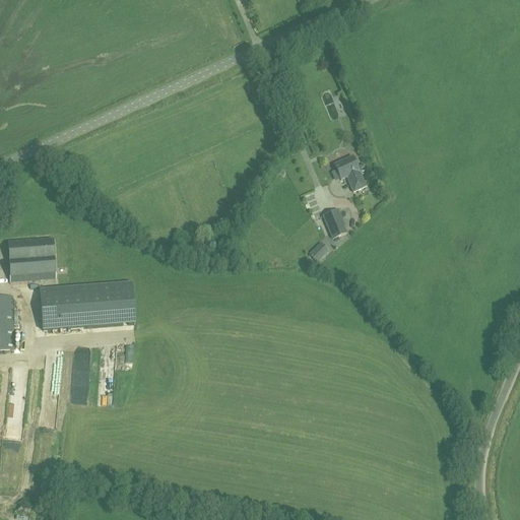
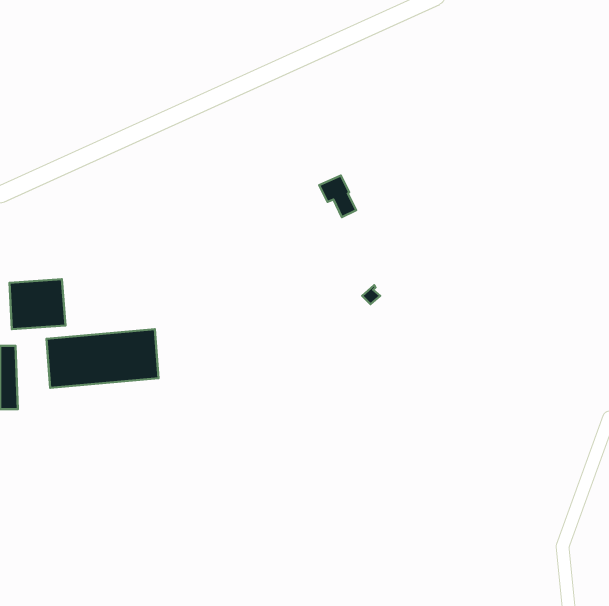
building: [334,154,366,190] -> [319,176,356,217]
building: [323,208,346,237] -> none

